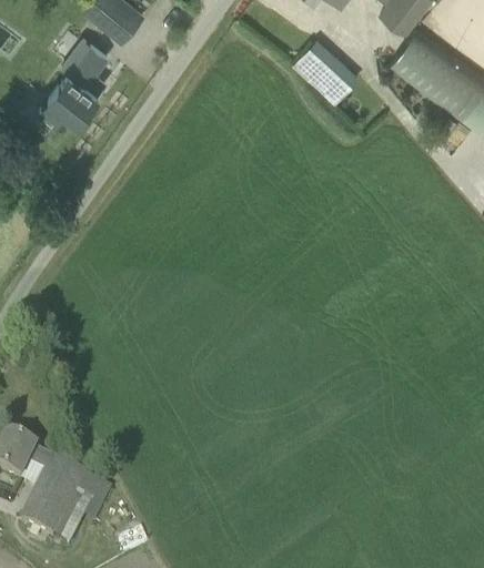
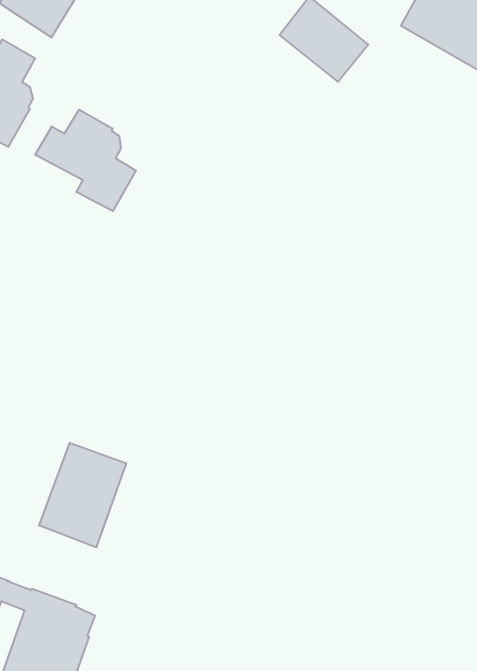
building: none -> [35,109,136,211]
building: none -> [39,443,126,547]

